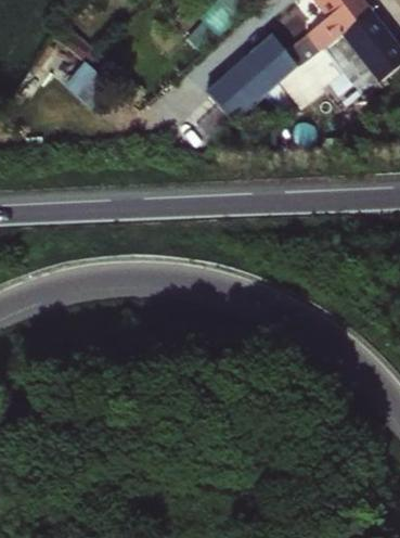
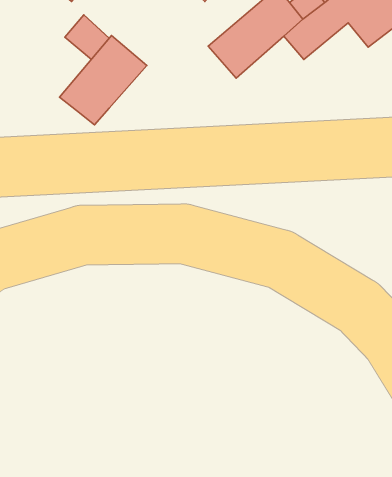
building: none -> [60,36,147,125]

